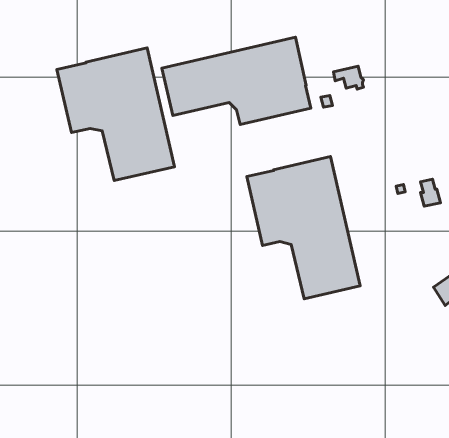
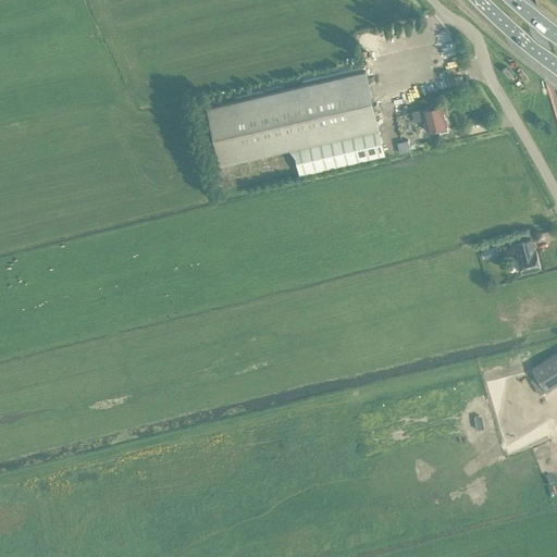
building: [57,48,174,181] -> none
building: [247,156,360,299] -> none

